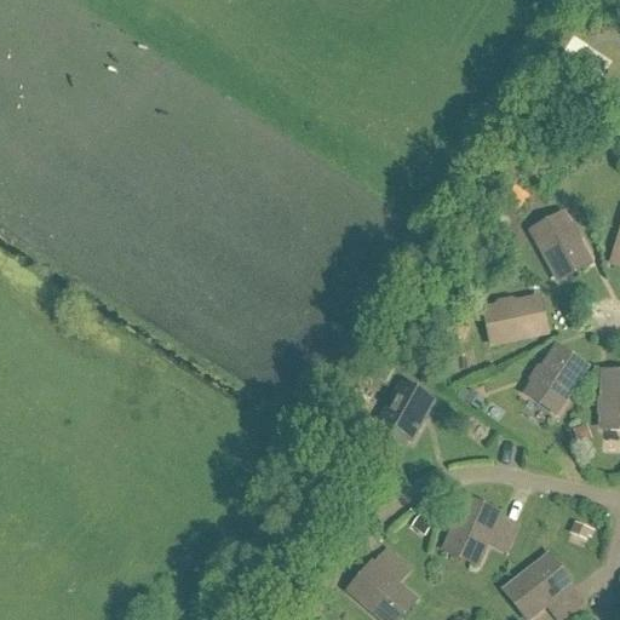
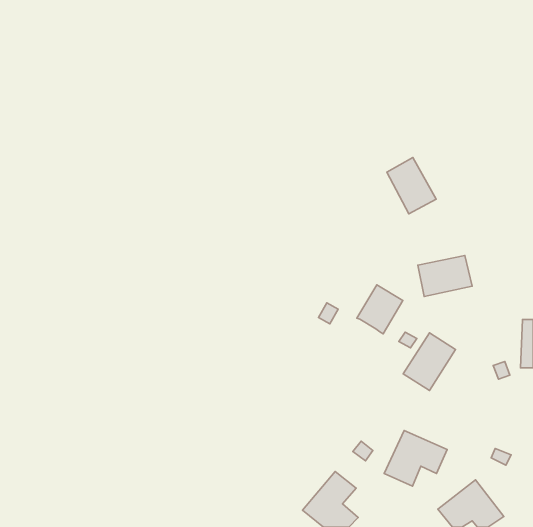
building: [532,212,589,277] -> [387,157,436,214]
building: [526,344,586,411] -> [403,333,456,390]
building: [377,381,430,438] -> [357,285,403,334]

